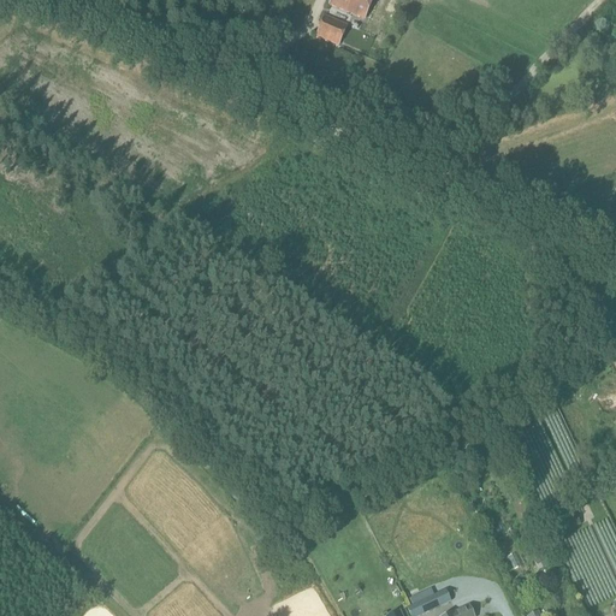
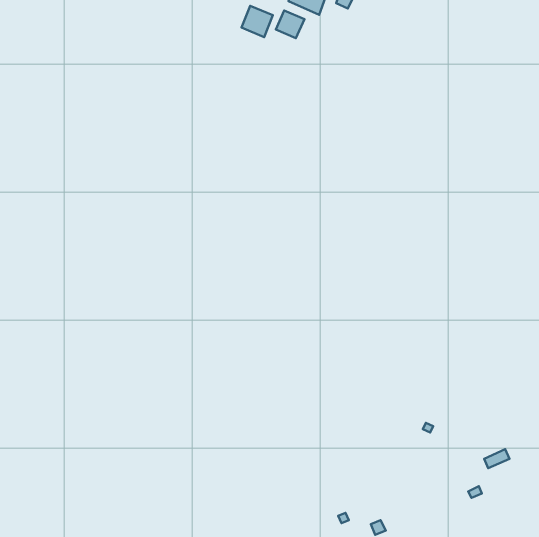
building: none -> [242,6,273,37]

